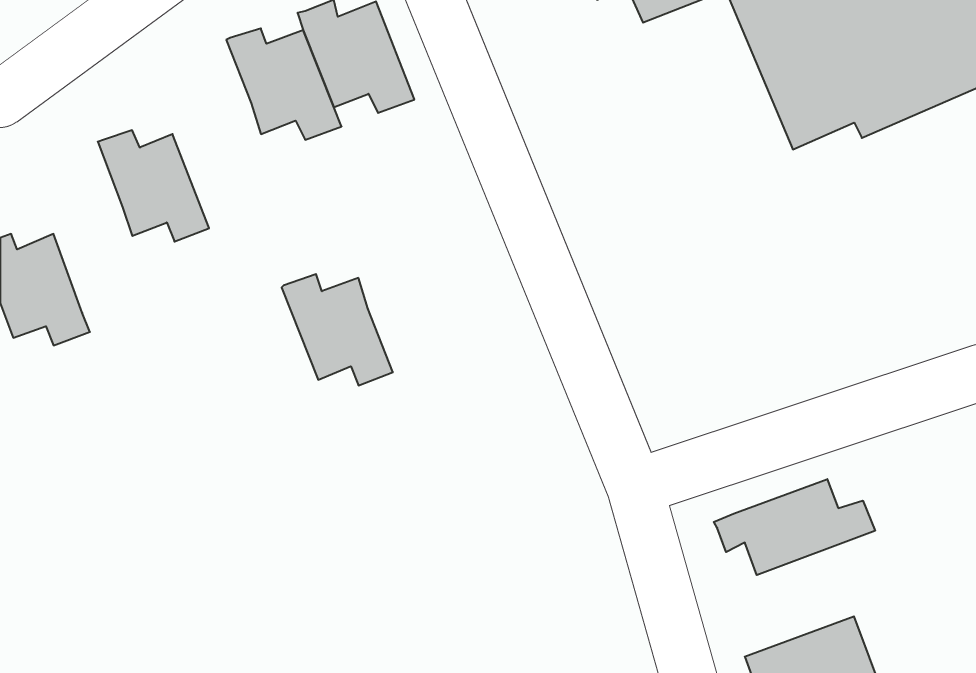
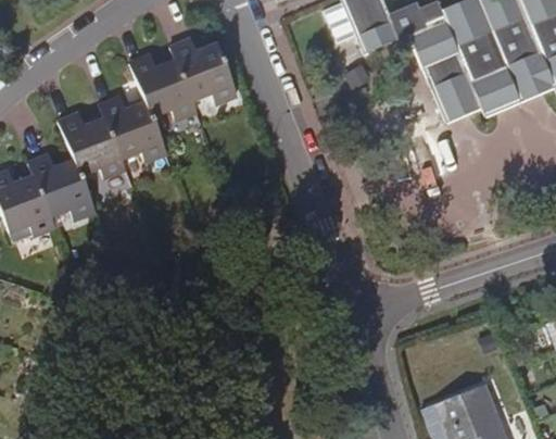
building: none -> [29,156,92,220]
building: [282,274,393,385] -> [101,96,164,159]
building: [714,479,875,575] -> none

